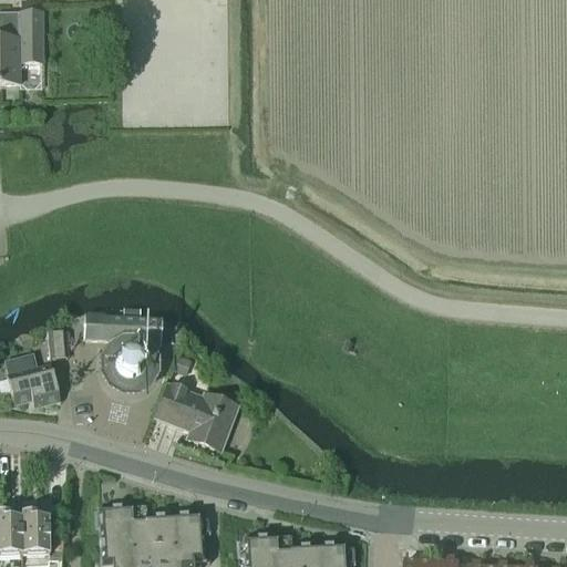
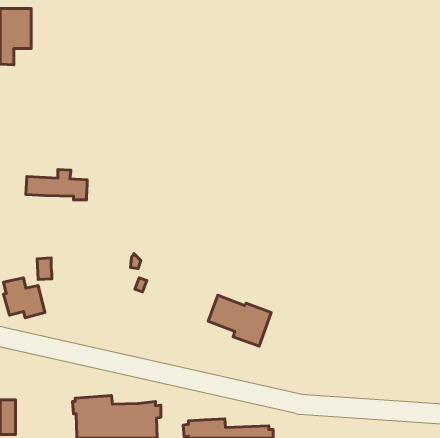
building: [83,307,162,346] -> [26,169,87,200]
building: [113,348,147,383] -> none
building: [156,384,237,450] -> [208,295,271,346]
building: [22,507,50,556] -> none

